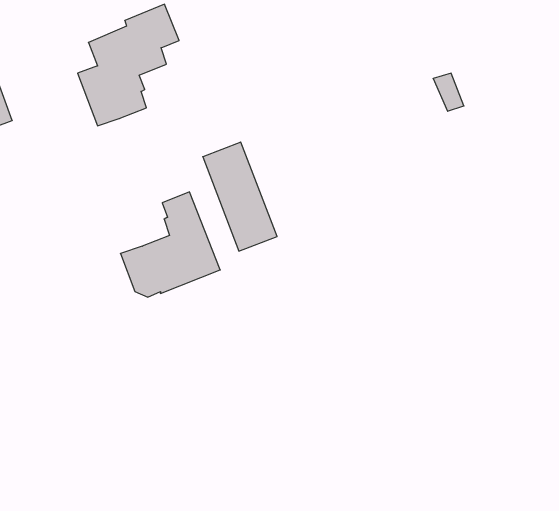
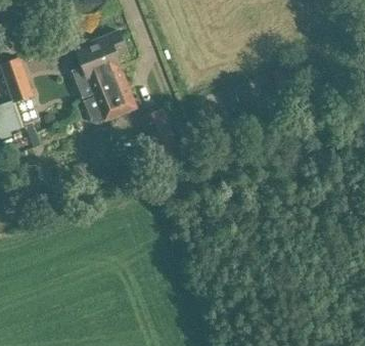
building: [120,192,220,297] -> [82,64,138,124]

